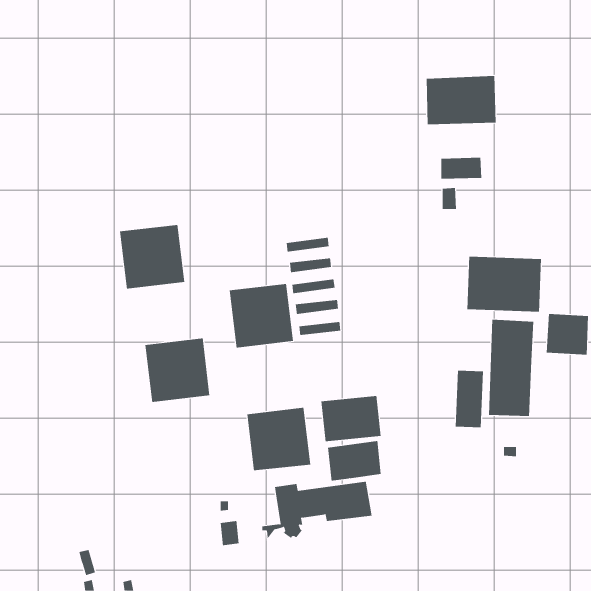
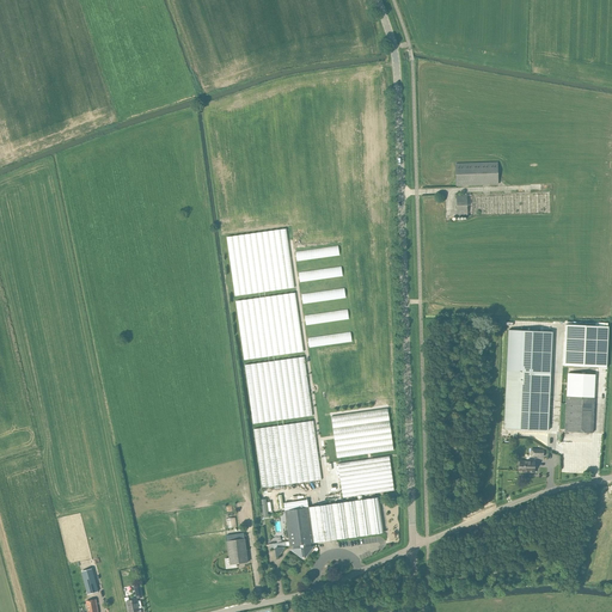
building: [426,75,496,125] -> none
building: [119,224,185,289] -> [227,228,295,295]
building: [467,256,541,312] -> none
building: [144,338,210,403] -> [245,356,313,423]
building: [455,370,484,428] -> [565,373,595,433]

